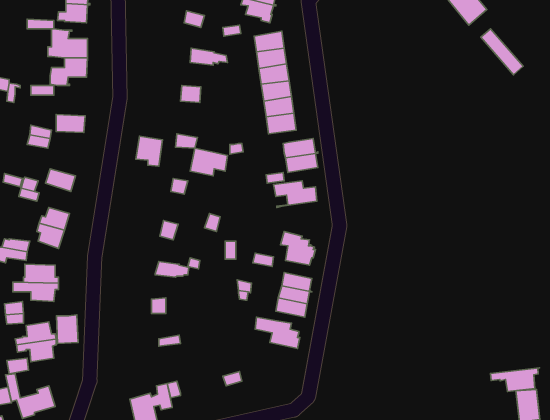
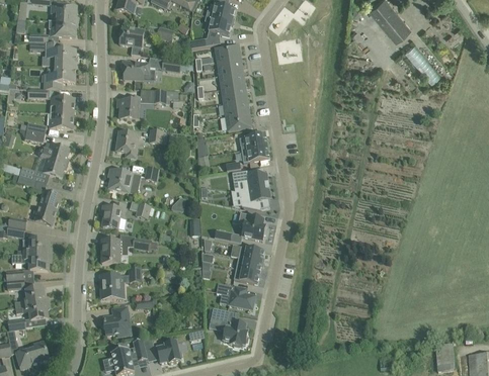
building: none -> [118,26,143,55]
building: none -> [121,61,155,80]
building: none -> [119,96,139,118]
building: none -> [49,97,74,114]
building: none -> [39,142,69,165]
building: [190,148,228,176] -> [108,169,140,192]
building: none -> [238,186,269,209]
building: none -> [101,203,125,228]
building: none -> [101,240,119,263]
building: [56,315,78,344] -> [101,274,119,298]
building: none -> [103,306,129,335]
building: none -> [210,307,248,347]
building: [491,368,539,392] -> none
building: none -> [156,341,181,362]

